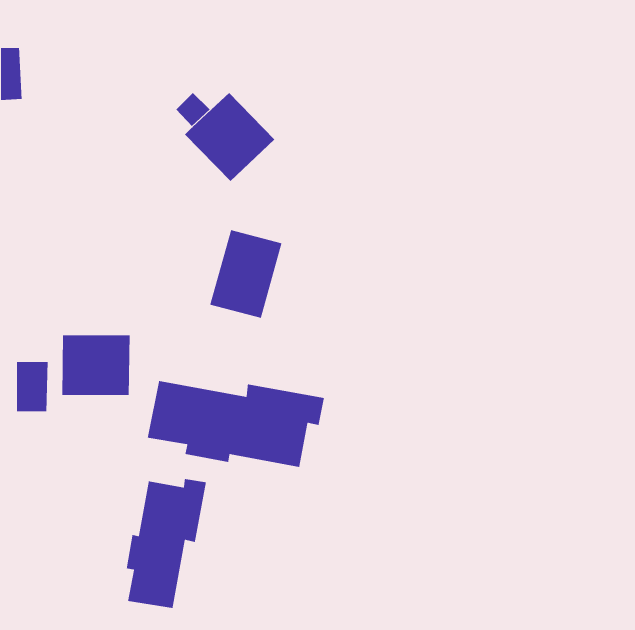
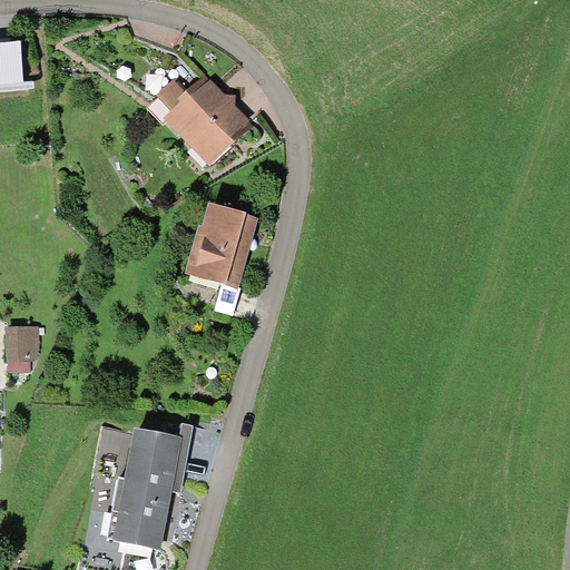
building: [61,335,130,396] -> none
building: [147,380,325,468] -> none

